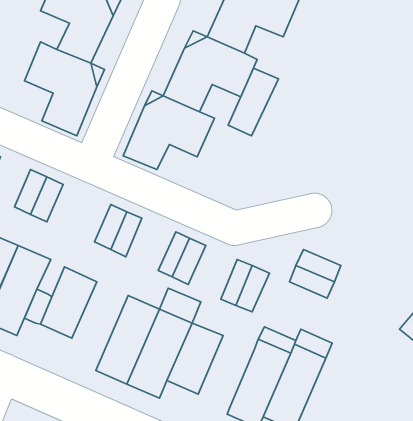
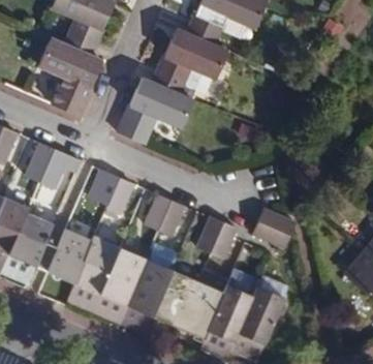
building: [228,68,278,136] -> none
building: none -> [67,237,120,310]
building: none -> [178,281,224,341]

